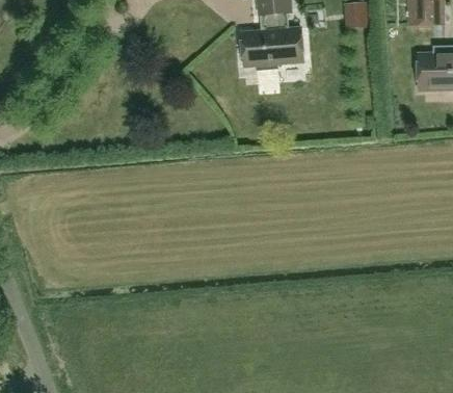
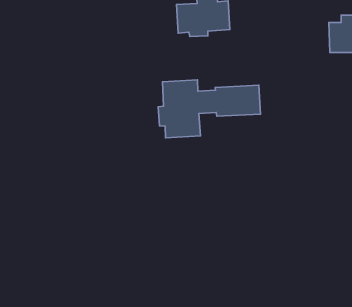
building: none -> [158,80,260,138]

